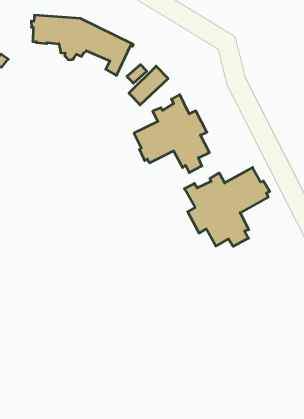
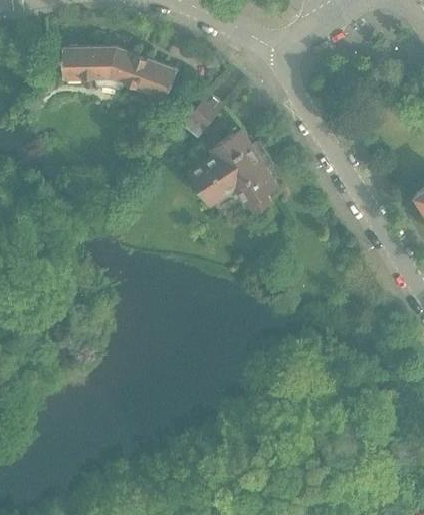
building: [184,167,270,246] -> none

